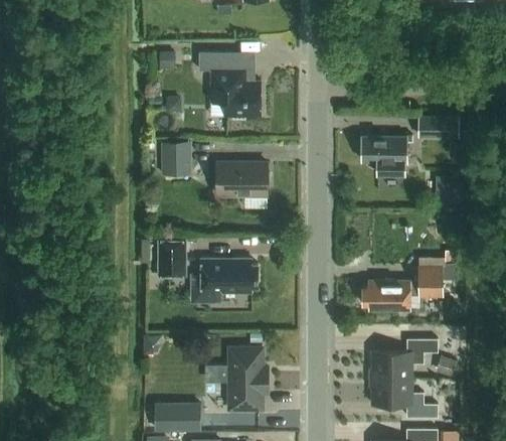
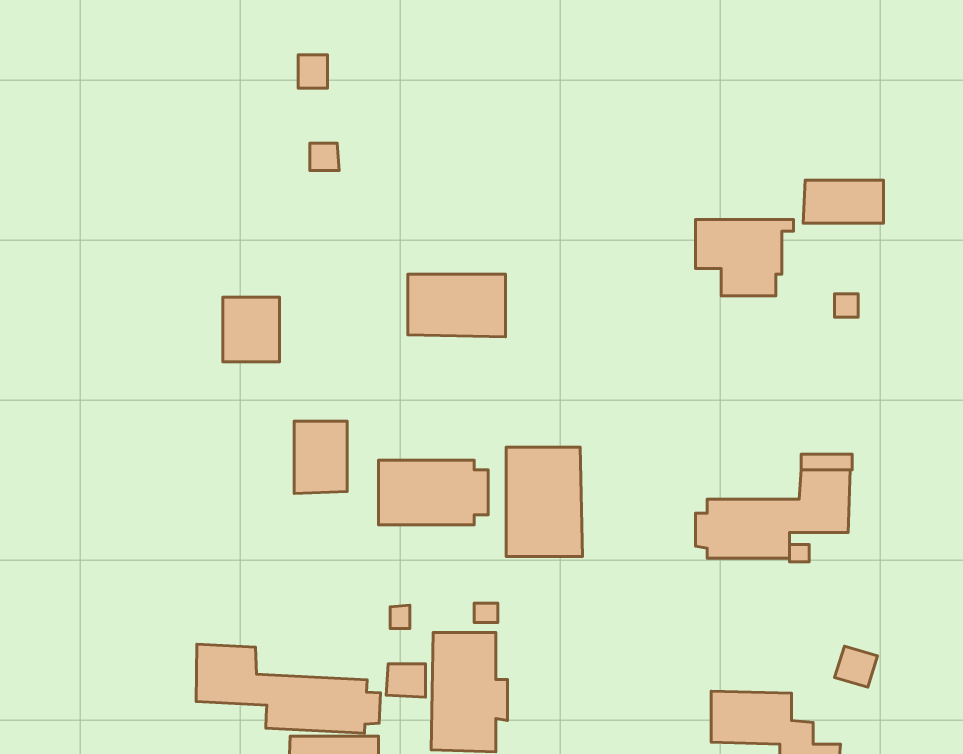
building: [198,51,261,120] -> none
building: [161,141,190,174] -> [223,297,280,362]
building: none -> [506,447,582,556]
building: [372,339,440,379] -> none
building: none -> [196,644,381,733]

